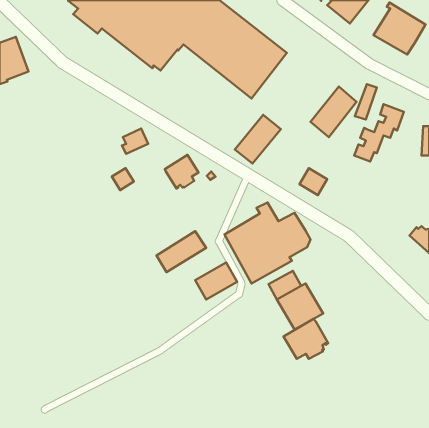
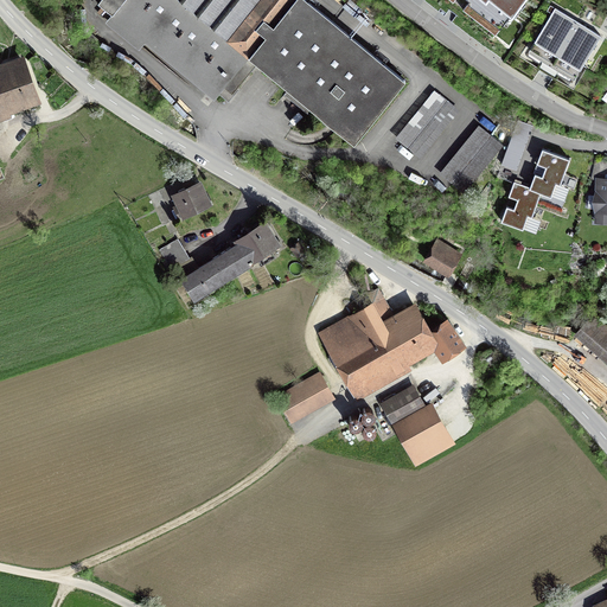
building: [235,115,281,164] -> [394,90,459,159]
building: none -> [430,318,466,363]
building: [156,231,206,272] -> [179,244,249,302]
building: [283,319,328,359] -> none

